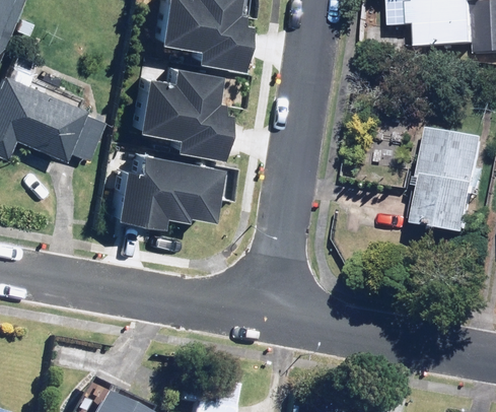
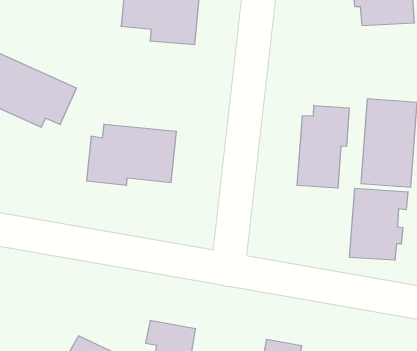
building: [135,72,224,153] -> none
building: none -> [297,105,349,188]
building: none -> [350,188,408,260]

